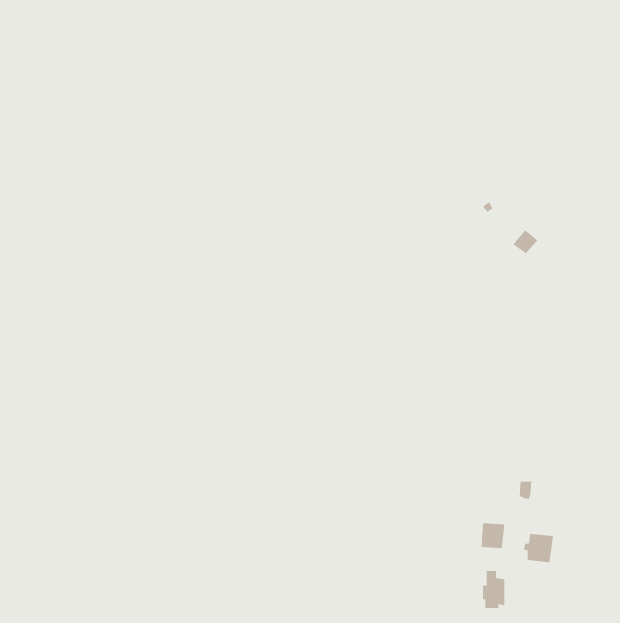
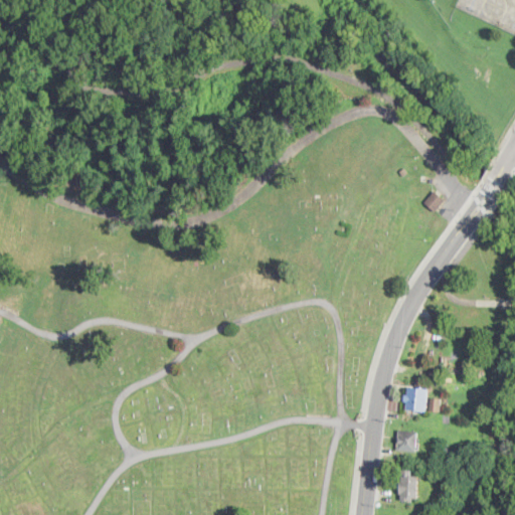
building: [523,533,554,563] -> [402,388,427,412]

